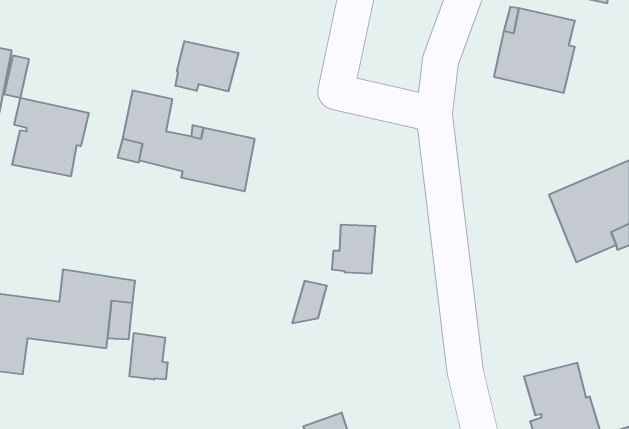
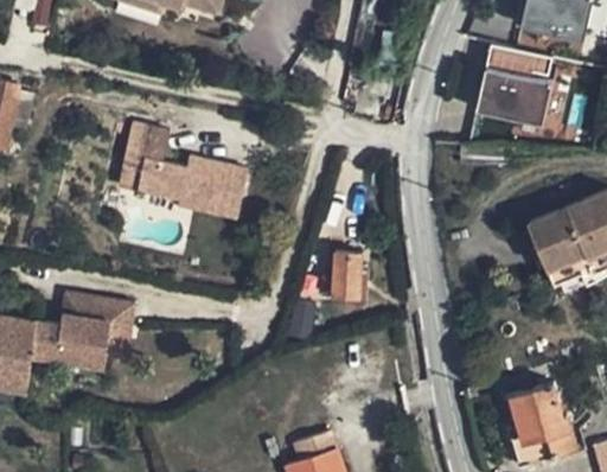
building: [175,41,238,91] -> none
building: [12,98,89,176] -> none
building: [129,333,168,380] -> none

